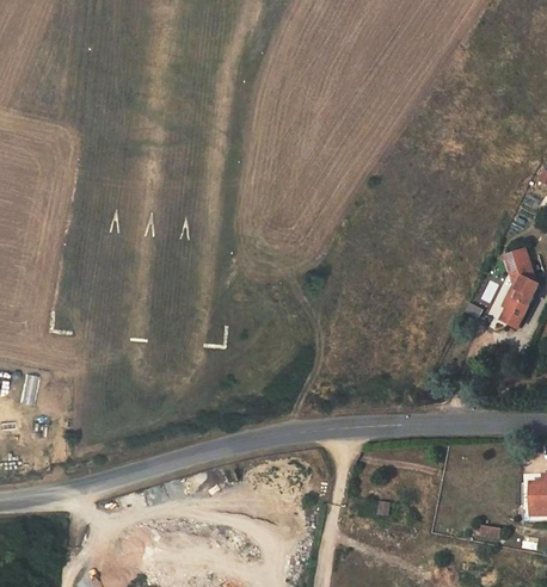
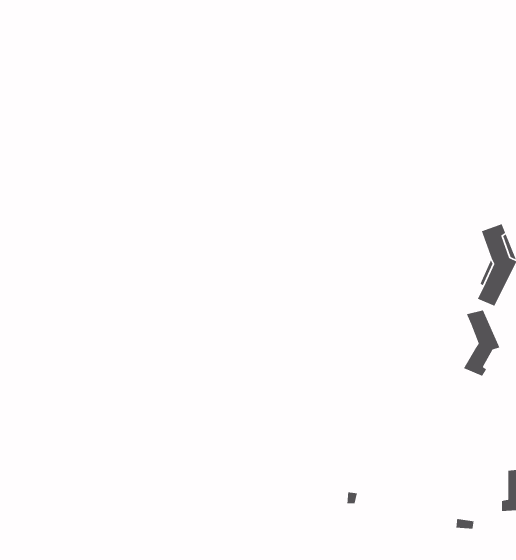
building: none -> [463,309,501,377]

